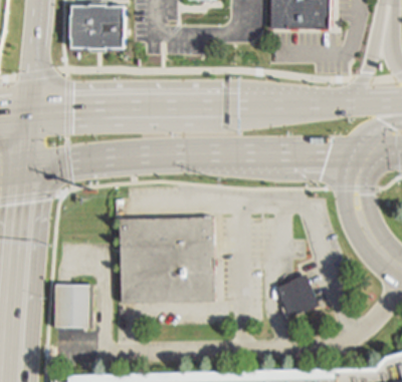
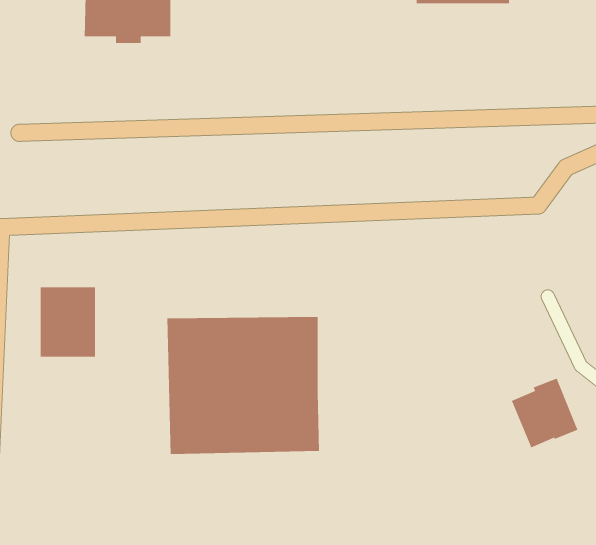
building: [275,275,317,318] -> [511,377,579,448]
building: [53,286,87,329] -> [40,287,96,358]

